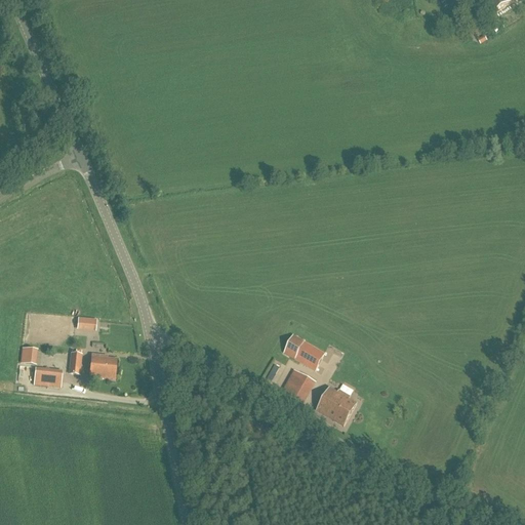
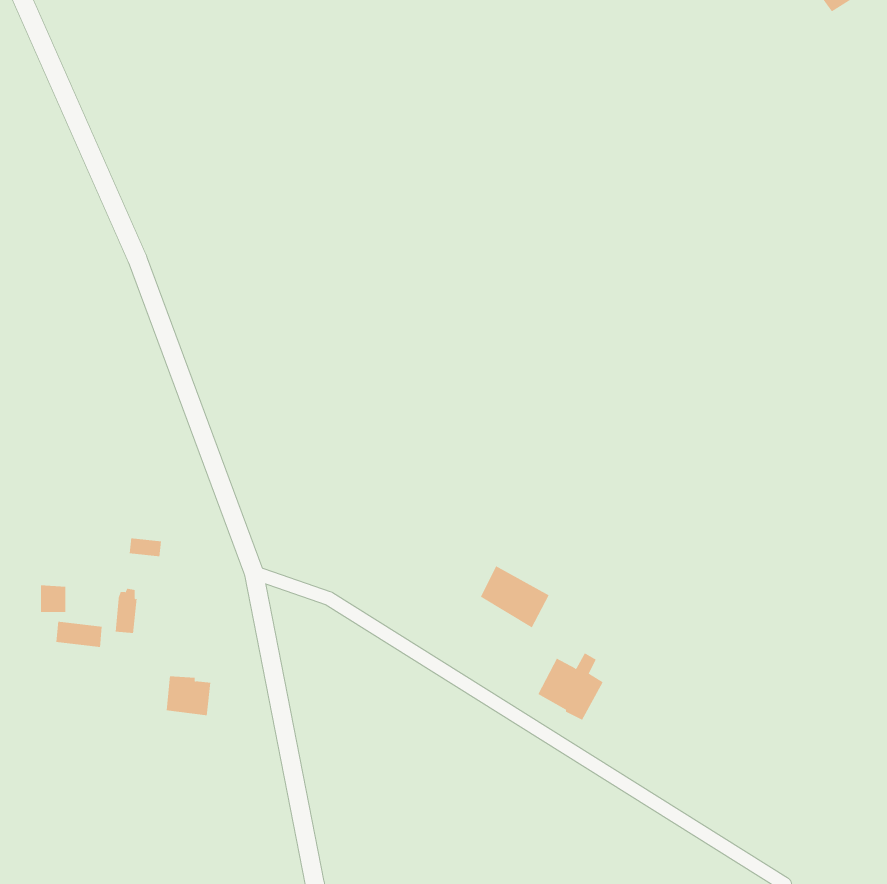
building: [88,354,115,377] -> [166,676,211,716]
building: [285,371,313,402] -> none

